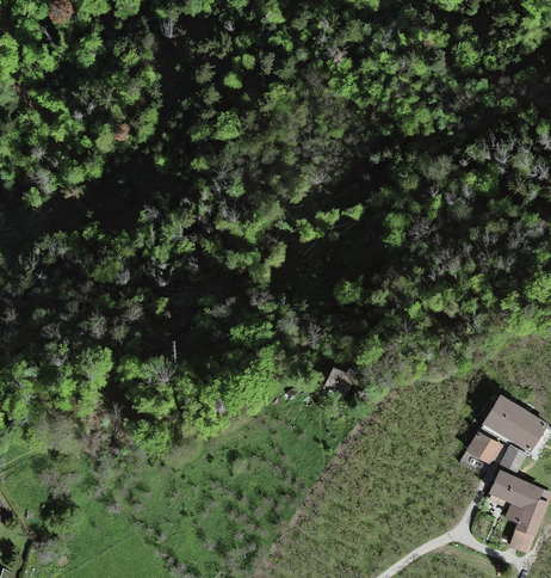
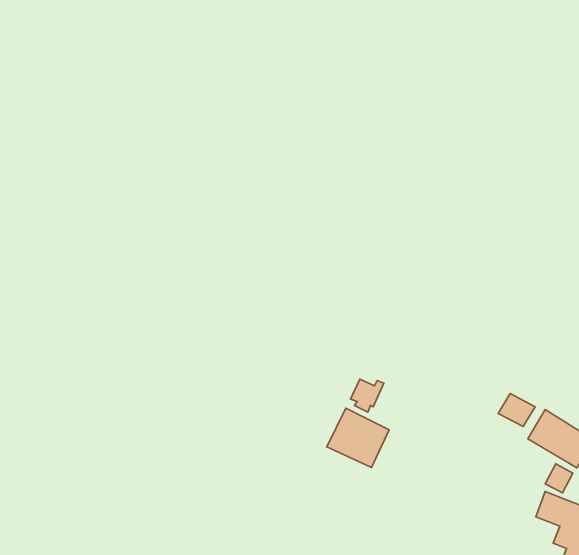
building: none -> [327,408,389,468]
building: [466,435,500,465] -> [498,394,535,427]

